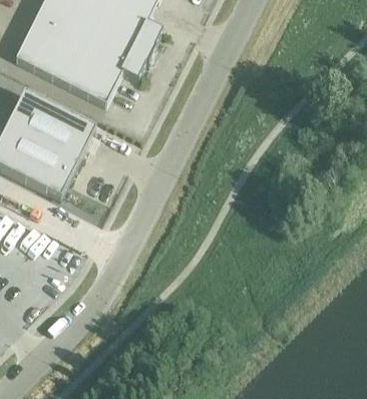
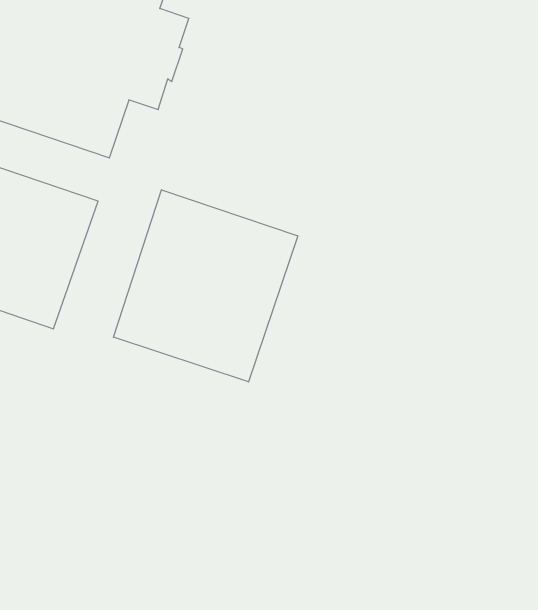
building: none -> [113,190,298,382]

